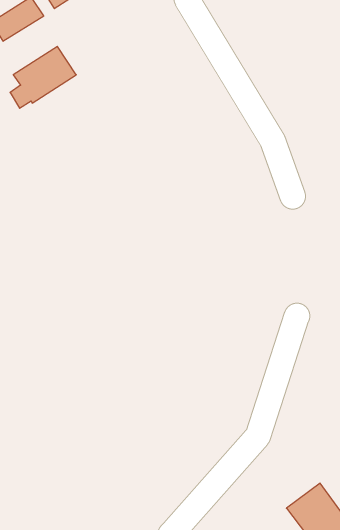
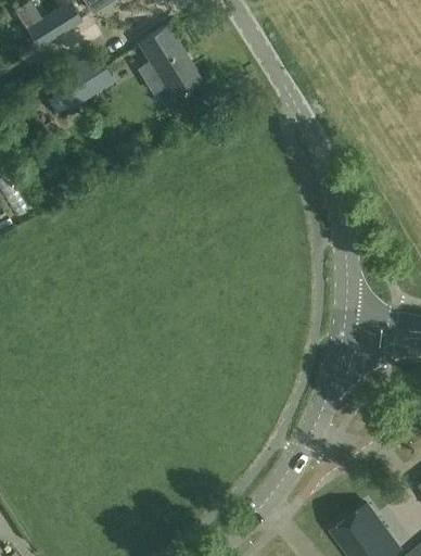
building: none -> [137,26,202,99]

